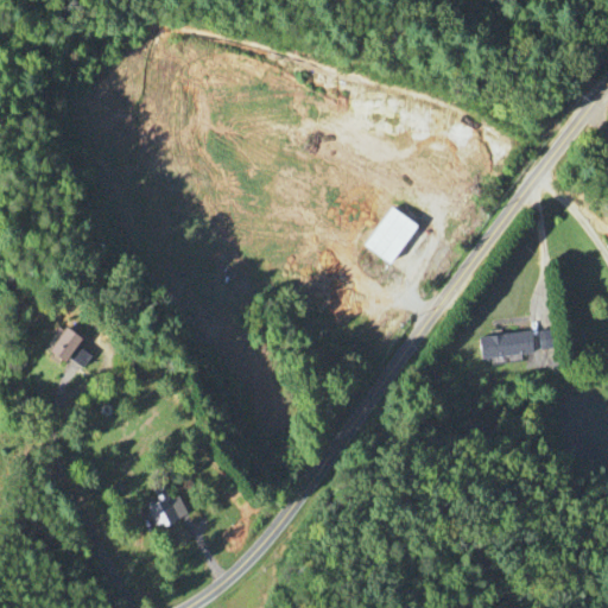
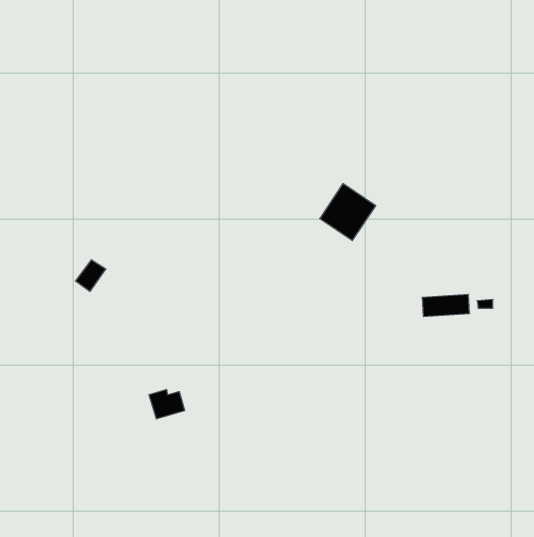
building: [48,328,82,363] -> [75,260,106,291]
building: [148,493,189,526] -> [149,389,185,419]

